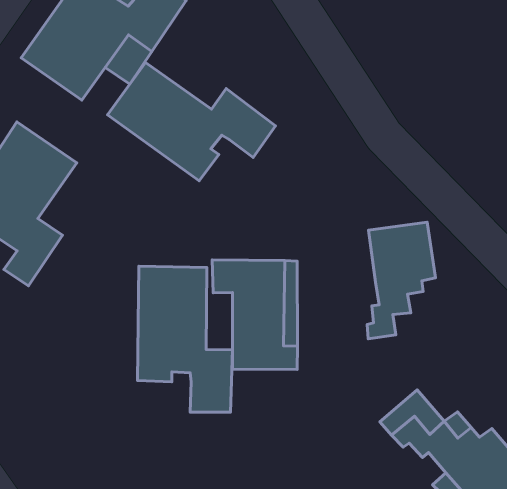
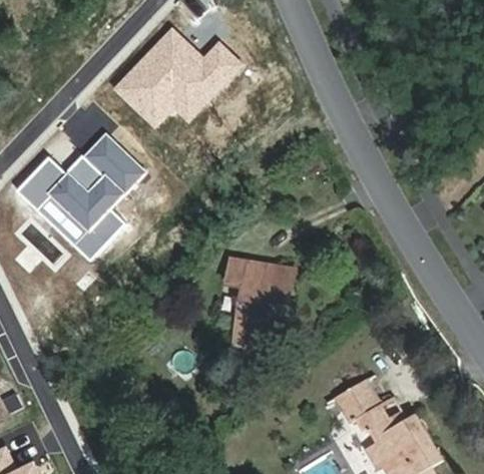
building: [107,62,275,181] -> none
building: [367,222,436,339] -> none
building: [137,266,233,412] -> none

